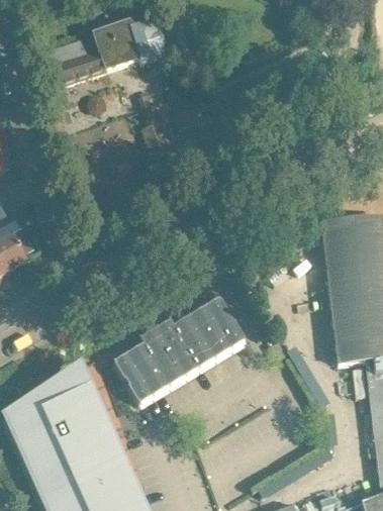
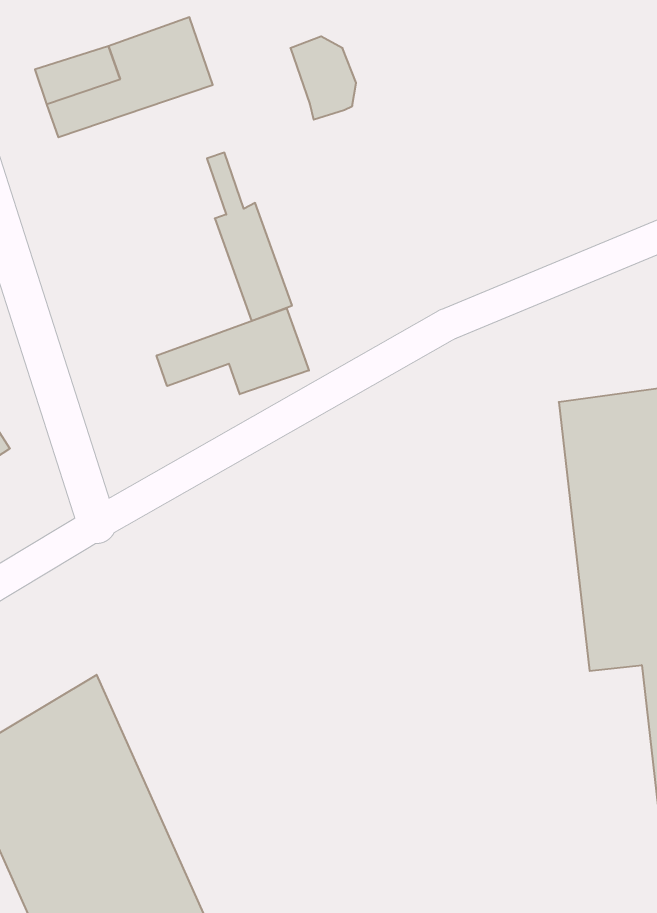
building: [130,21,165,65] -> [290,36,356,120]
building: none -> [157,308,309,394]
building: [114,298,245,403] -> none

